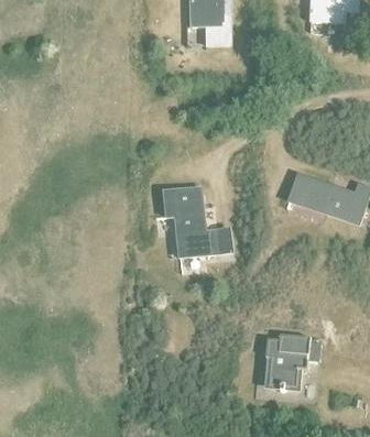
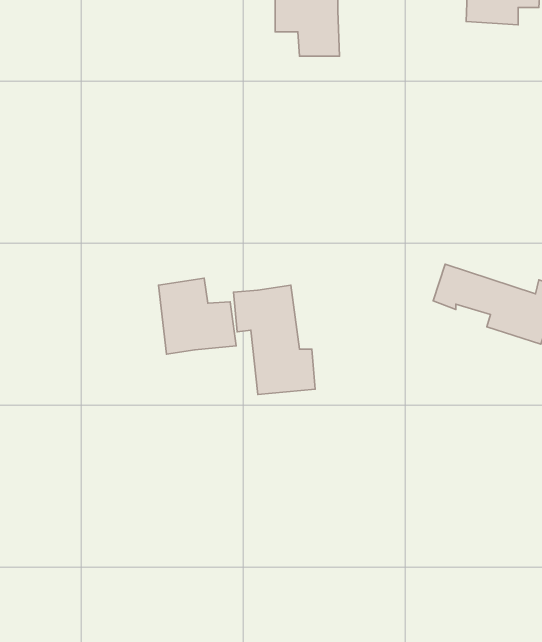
building: none -> [158,278,236,354]
building: [264,335,319,391] -> none

